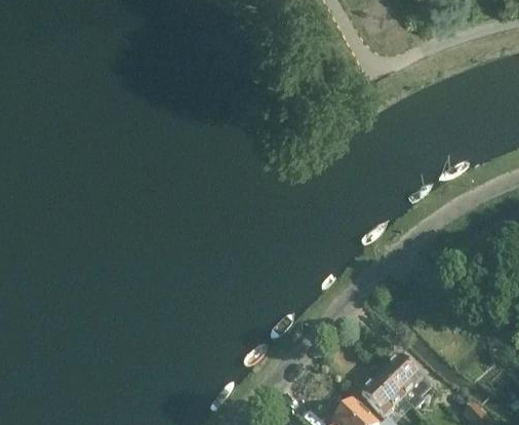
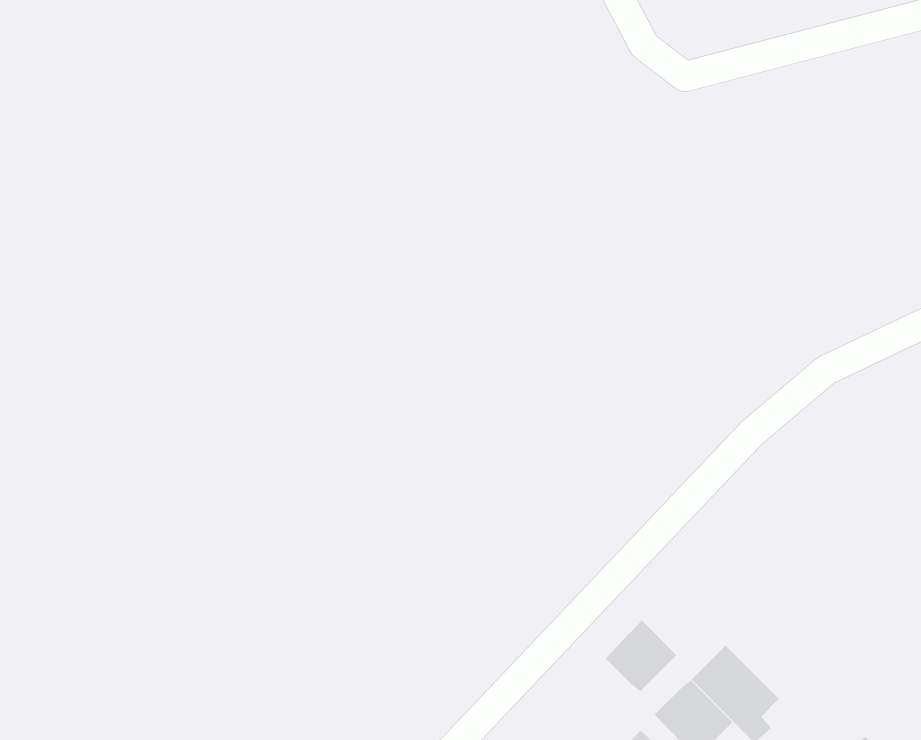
building: none -> [605,620,677,692]

